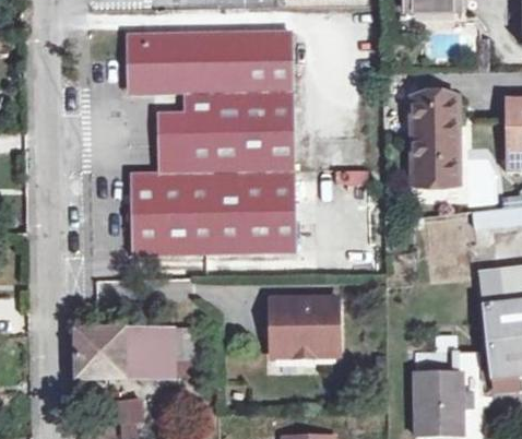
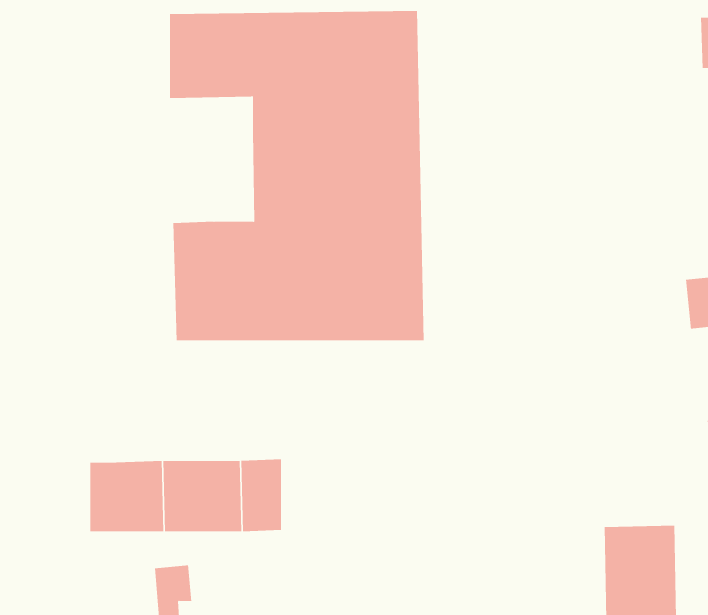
building: [415,98,455,182] -> none
building: [156,112,183,171] -> none
building: [270,299,336,358] -> none

